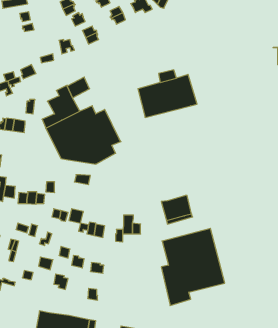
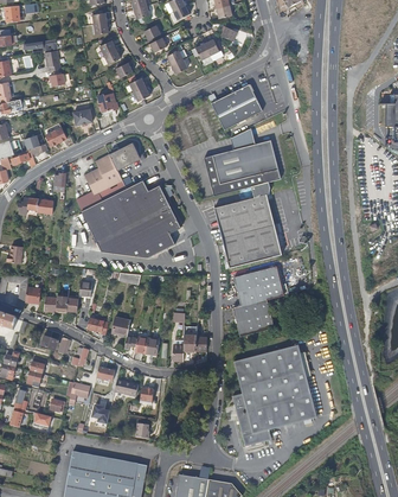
building: none -> [210,83,261,129]
building: none -> [214,180,283,267]
building: none -> [235,266,284,306]

